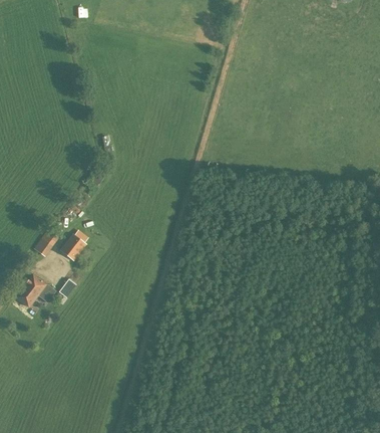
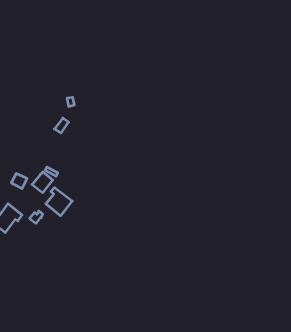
building: none -> [46,188,72,216]

